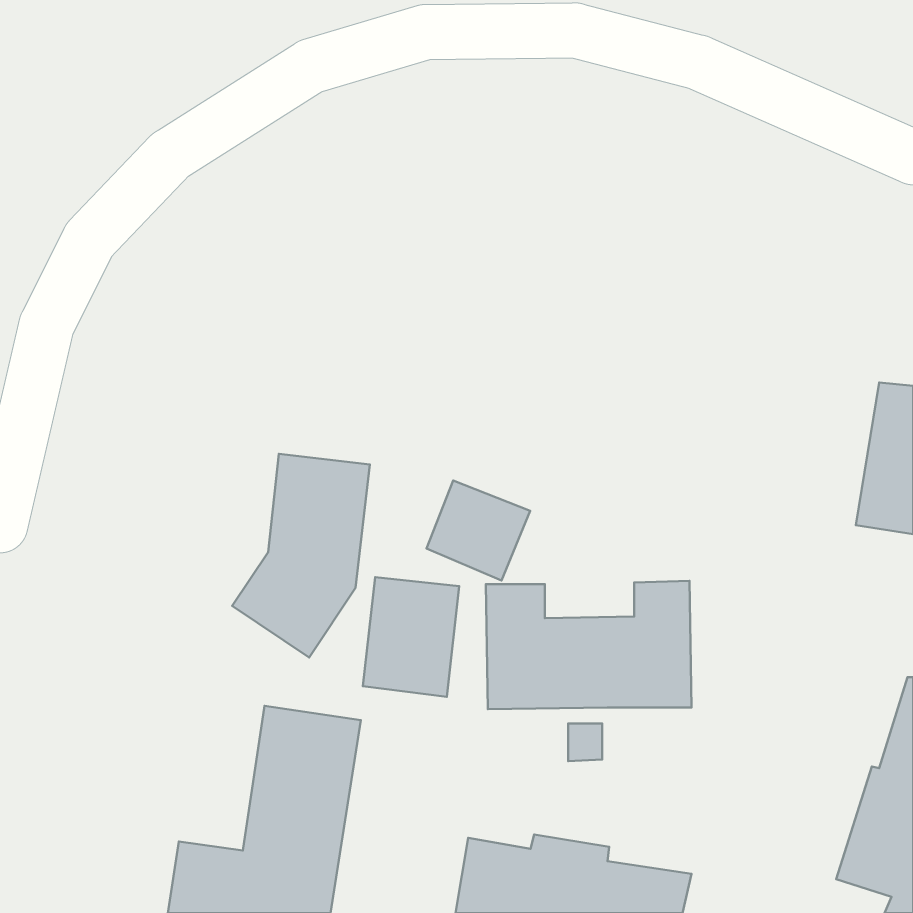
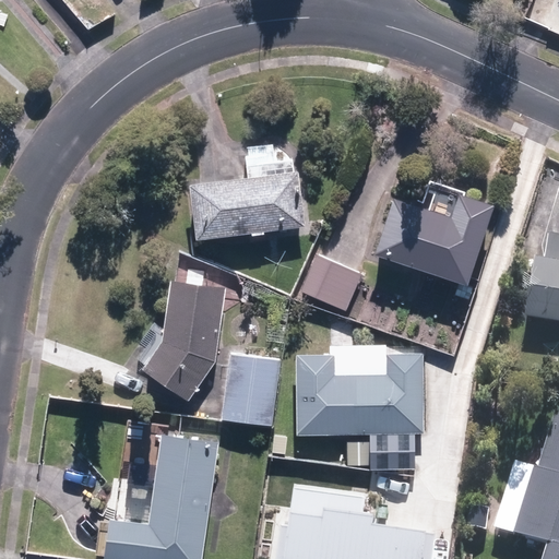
building: none -> [188,144,306,240]
building: none -> [372,181,495,286]
building: [426,481,530,581] -> [300,251,364,312]
building: none -> [371,432,416,469]

